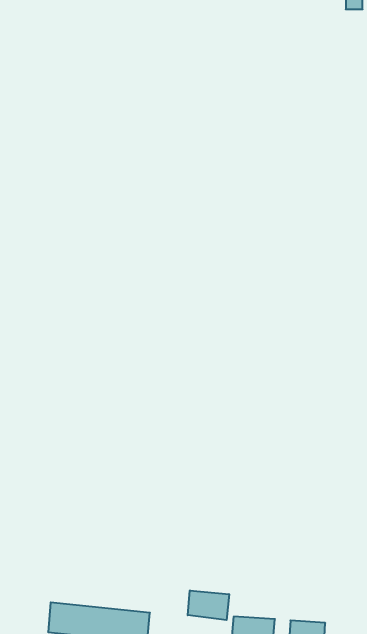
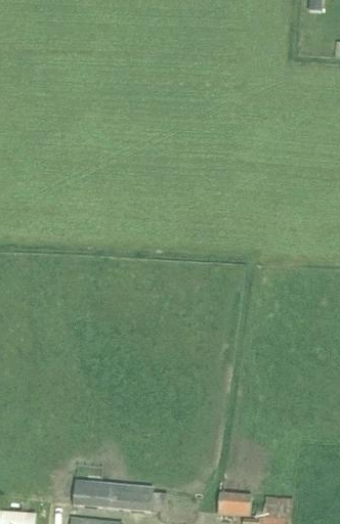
building: [188,590,229,620] -> none

